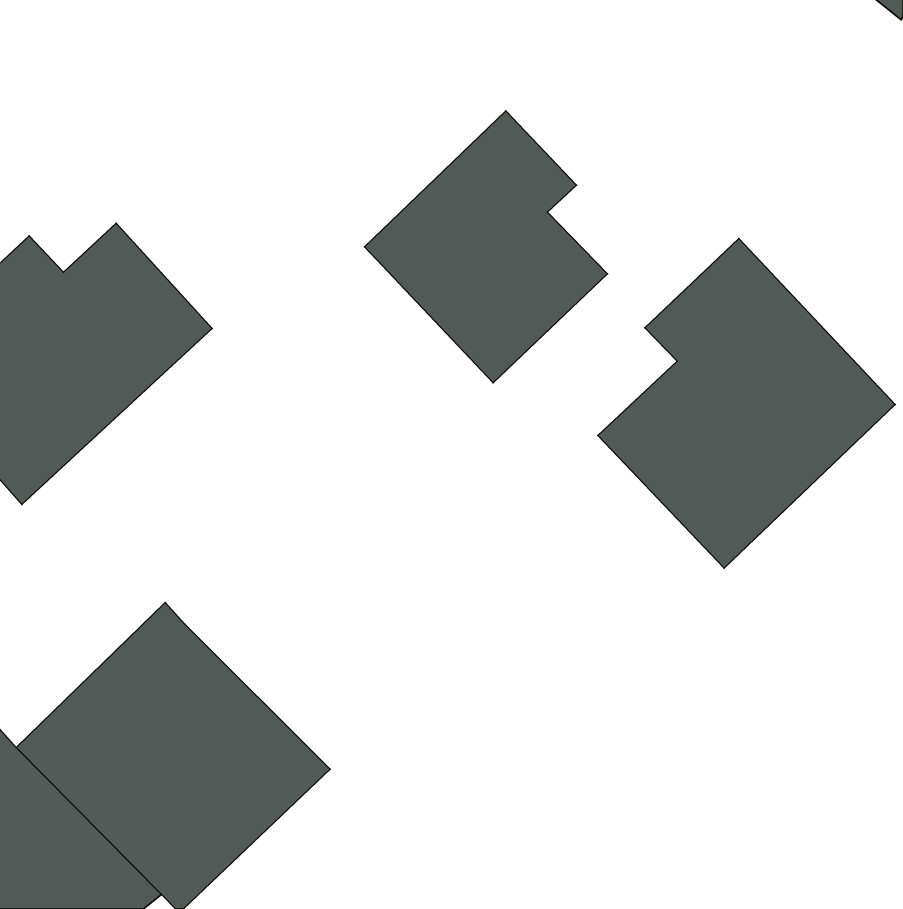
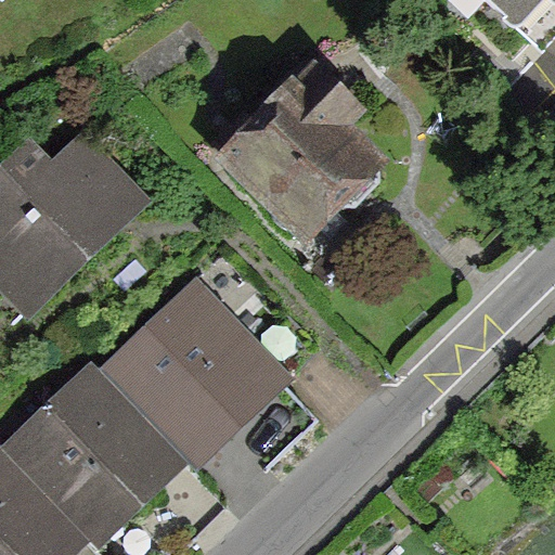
building: [598,238,895,568] -> none
building: none -> [111,284,295,468]

